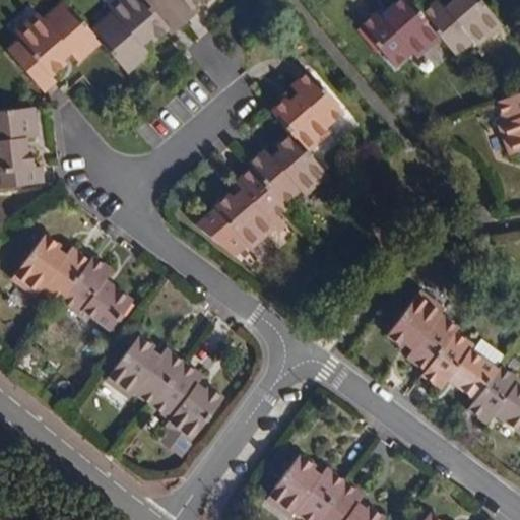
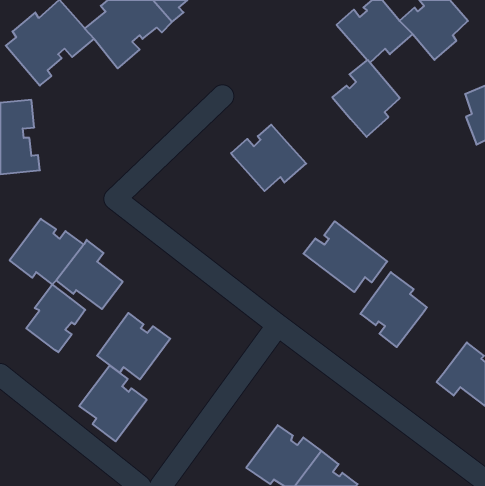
building: [271,70,343,152] -> [332,60,400,137]
building: [195,168,286,256] -> none
building: none -> [303,221,387,292]
building: none -> [26,284,85,352]
building: [421,332,497,399] -> none
building: [150,362,222,443] -> [79,365,147,441]

